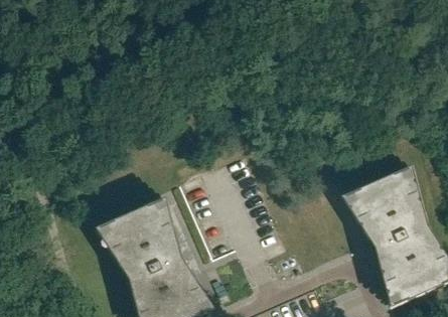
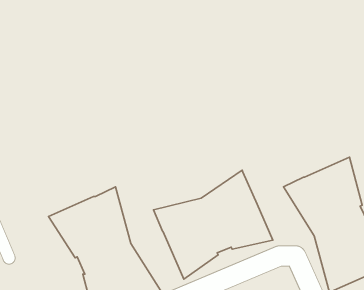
building: none -> [154,170,273,279]

